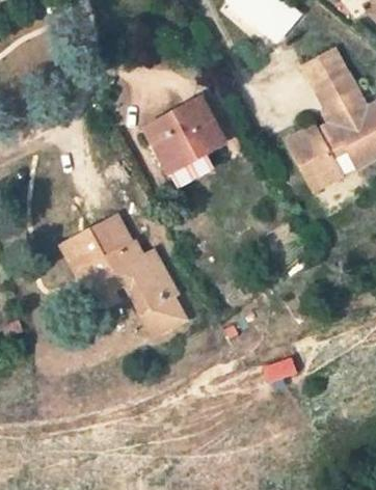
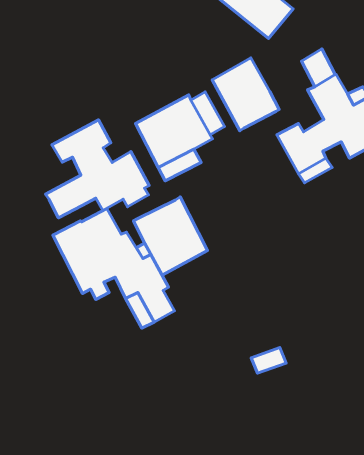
building: none -> [212,58,279,131]
building: none -> [45,120,149,218]
building: none -> [134,197,208,275]

